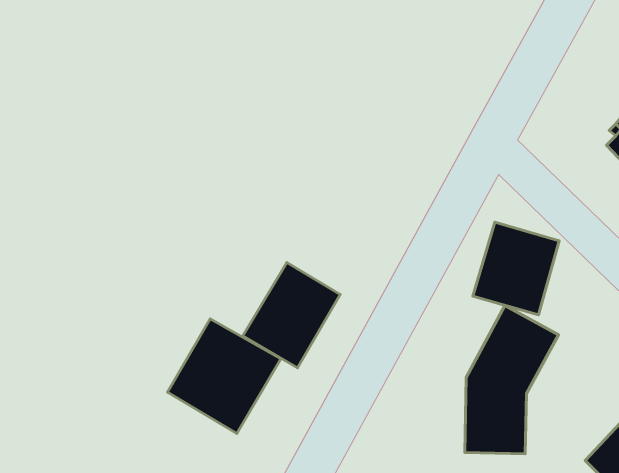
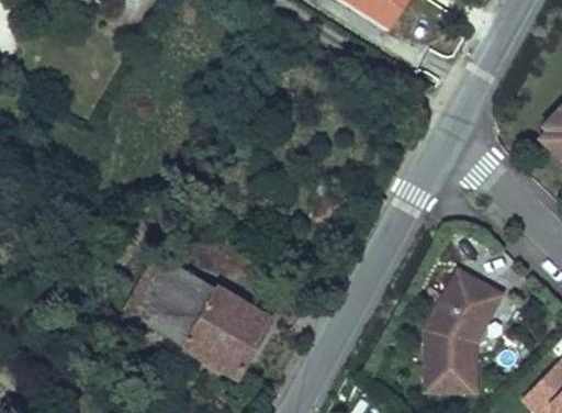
building: [473,222,559,315] -> none
building: [243,262,340,368] -> [135,256,215,343]

